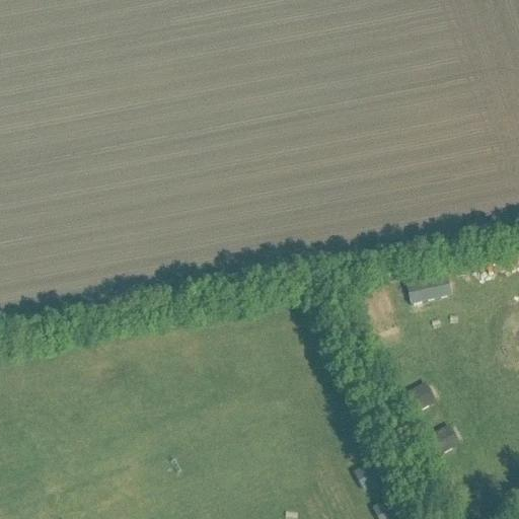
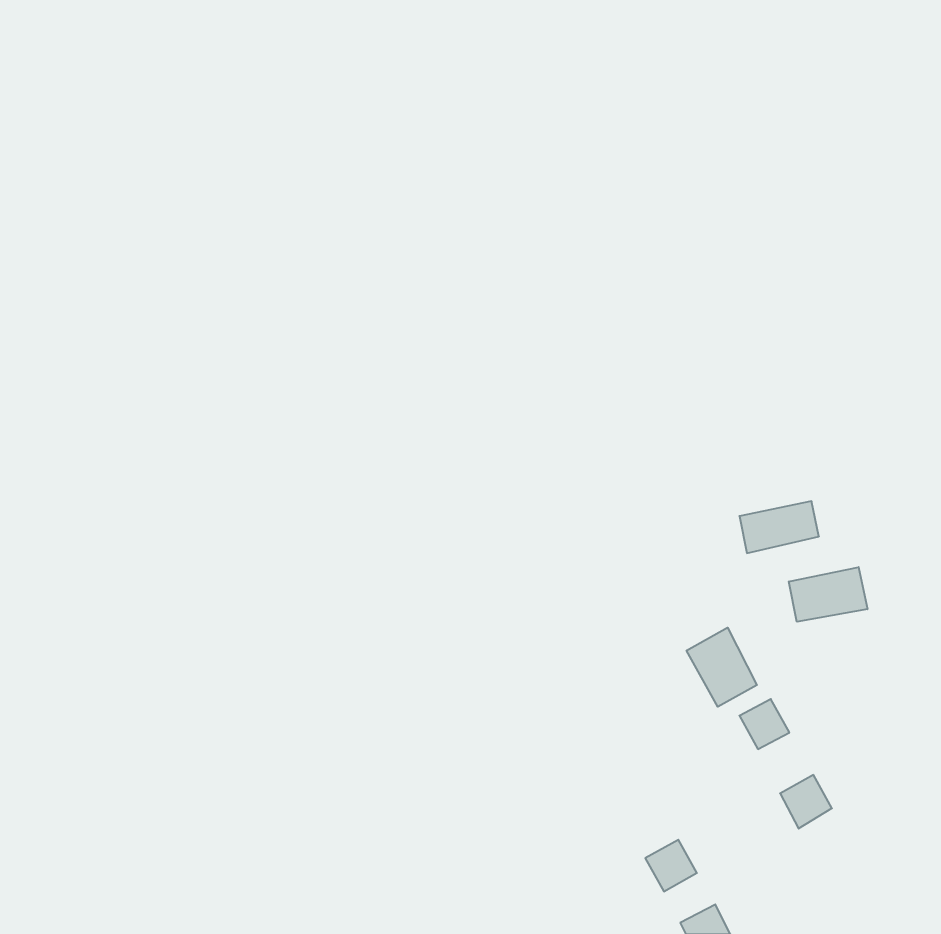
building: none -> [789,567,867,622]
building: none -> [687,628,757,707]

